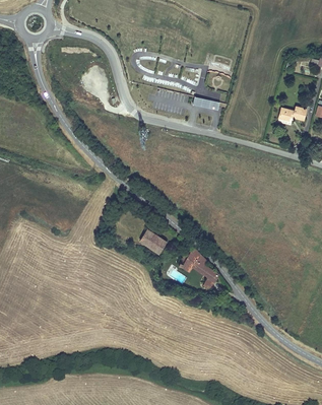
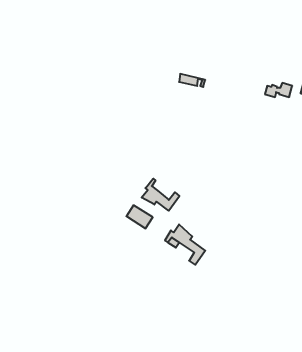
building: none -> [142,179,179,211]

